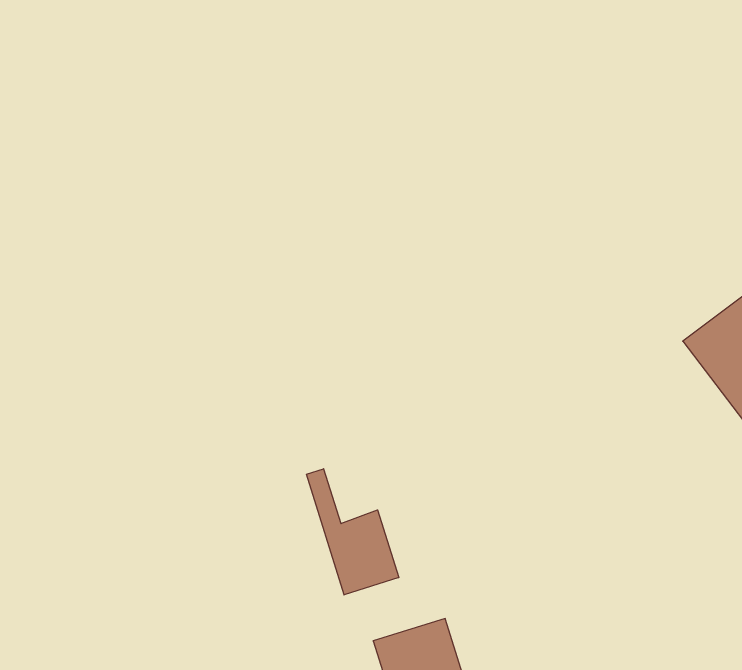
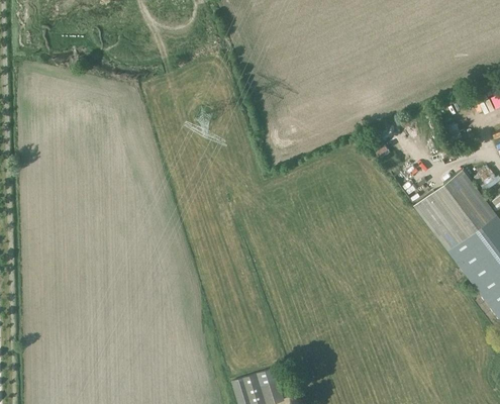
building: [307,469,399,595] -> none

